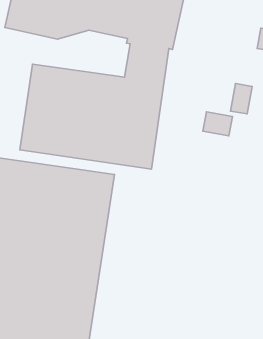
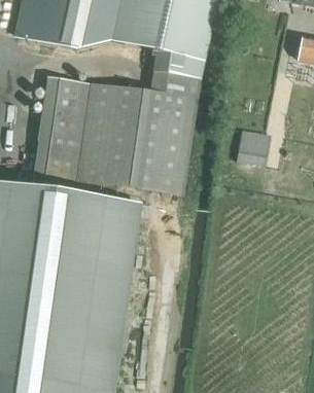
building: [231,84,252,114] -> none

